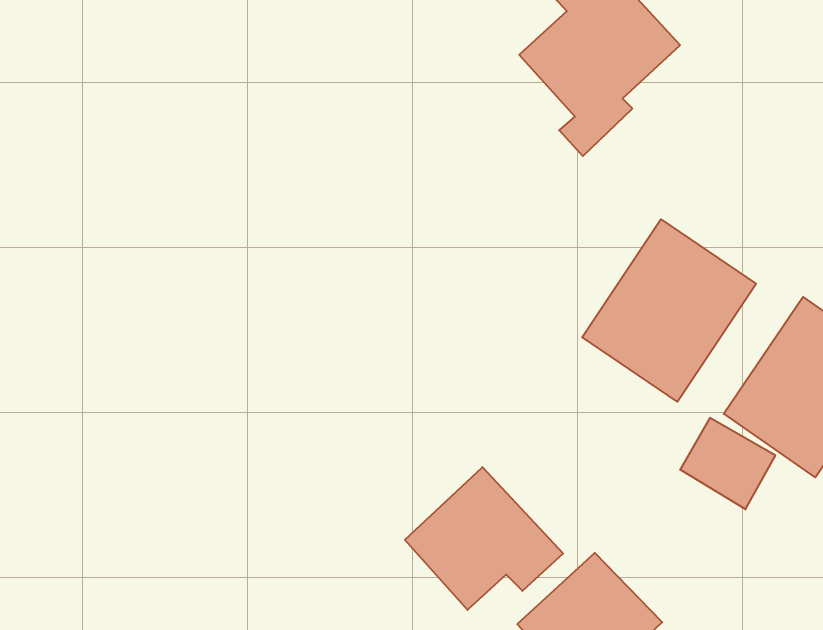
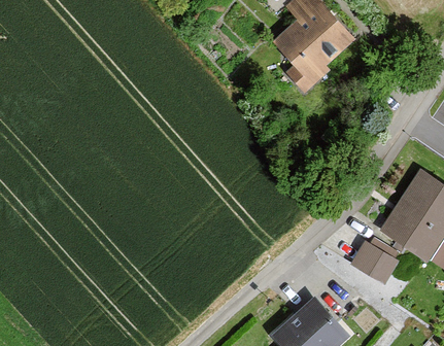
building: [582,219,756,402] -> none
building: [405,467,563,610] -> none

